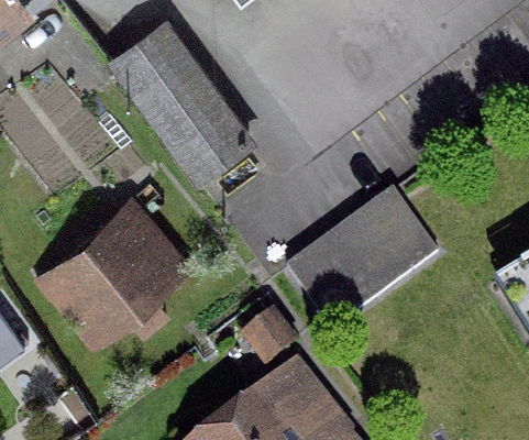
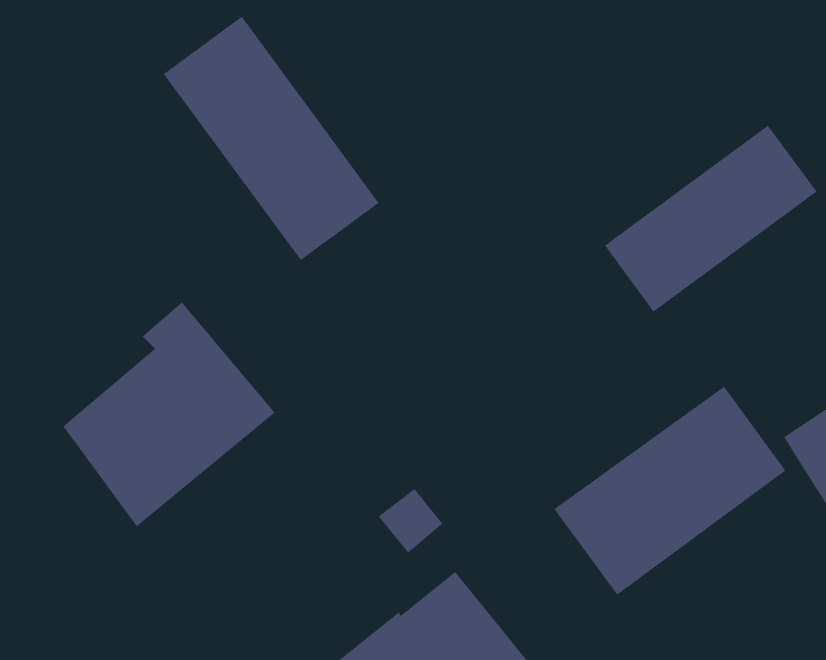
building: none -> [604,125,817,312]
building: [291,196,437,327] -> [554,386,786,596]

